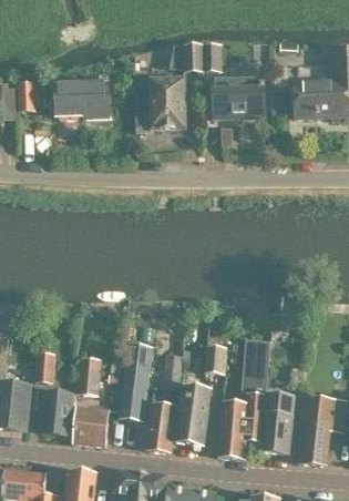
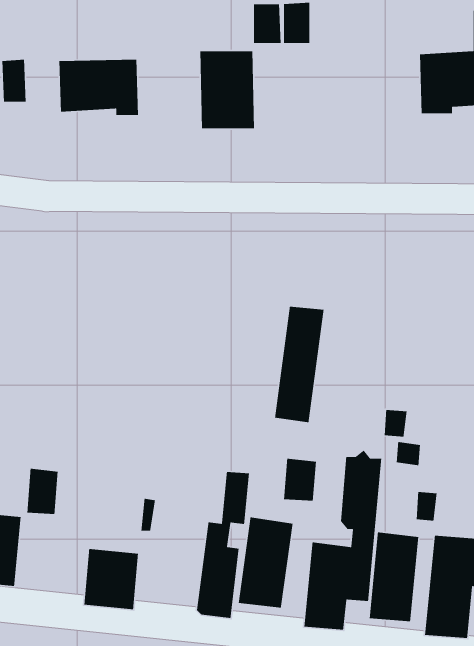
building: [213,75,265,119] -> none
building: [119,344,152,421] -> [274,306,324,423]
building: [78,358,101,395] -> none
building: [41,390,73,436] -> none

